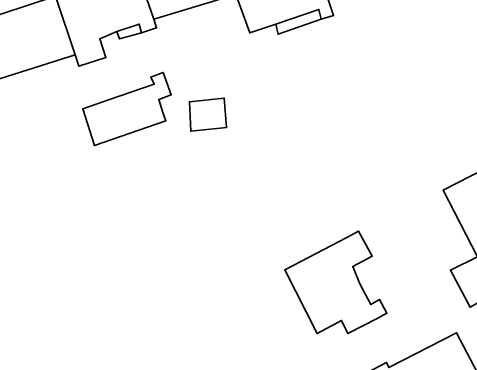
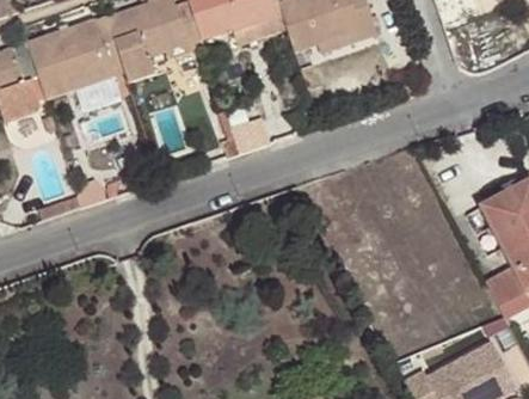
building: [83,73,171,146] -> none
building: [285,231,387,334] -> none

